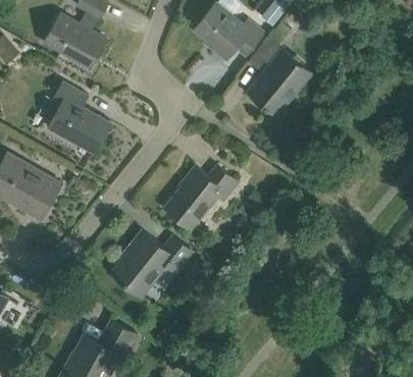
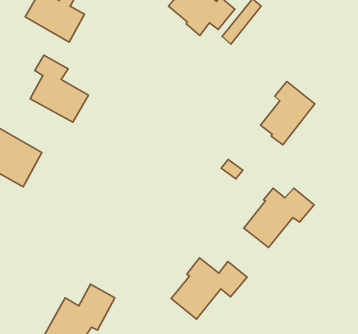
building: [253,50,310,116] -> [260,81,315,145]
building: [164,166,238,228] -> [244,188,314,248]
building: [112,231,192,295] -> [171,258,247,319]

